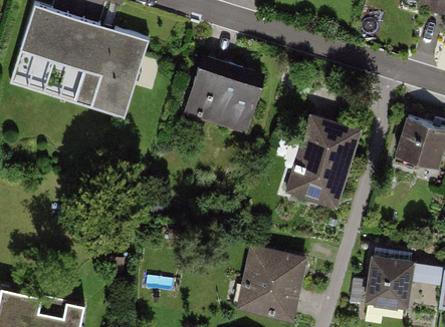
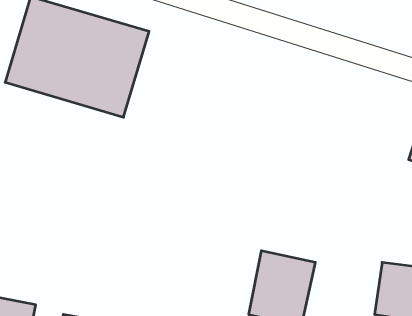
building: [186,56,263,133] -> none
building: [292,115,361,204] -> none

